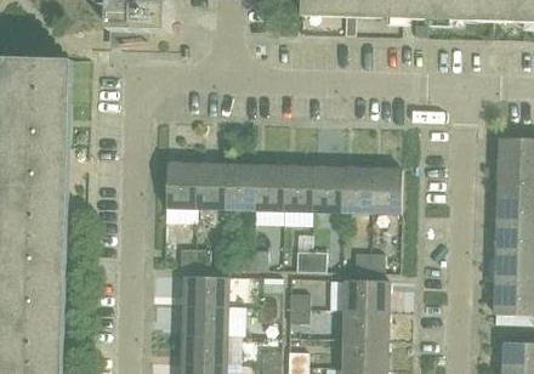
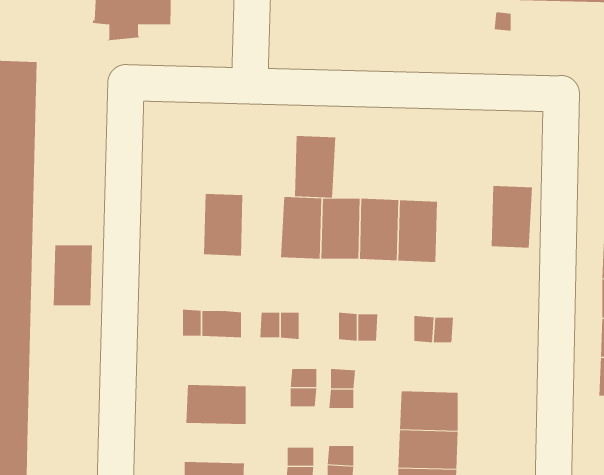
building: [165,160,195,206] -> [53,245,93,306]
building: [223,162,255,209] -> [294,136,336,198]
building: [370,166,402,214] -> [491,186,533,248]
building: [182,276,228,306] -> none
building: [343,279,388,311] -> none
building: [180,334,227,364] -> none

